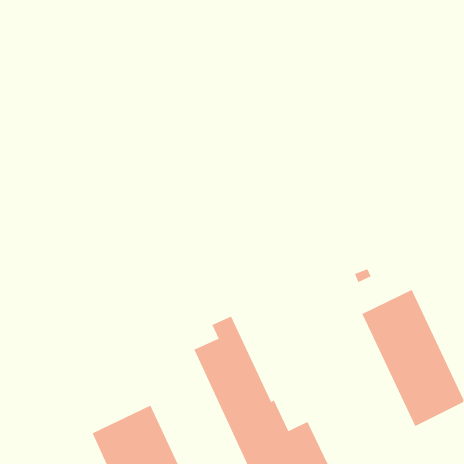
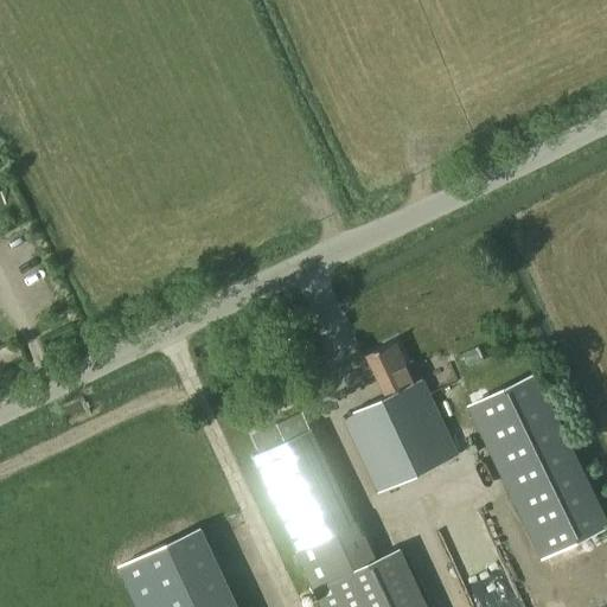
building: none -> [341,343,458,494]

